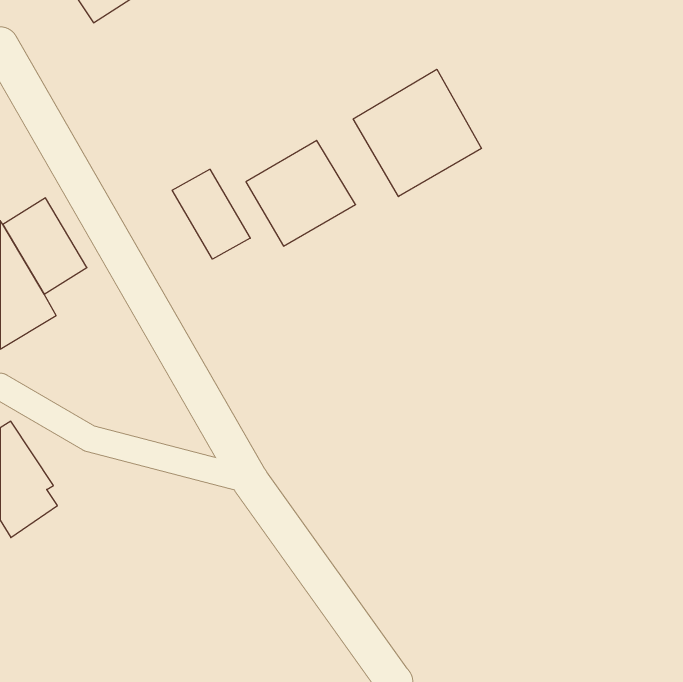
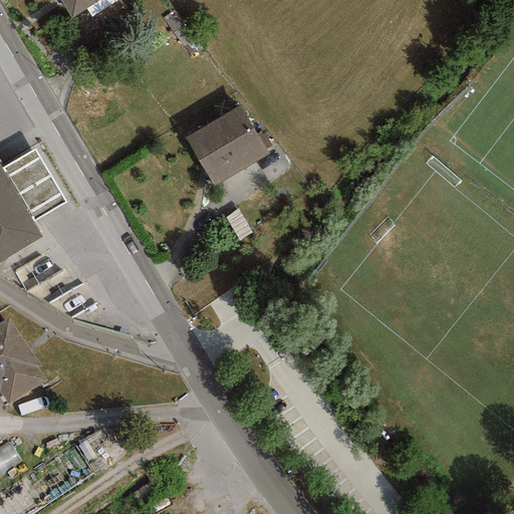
building: [353,69,481,197] -> none
building: [172,169,250,259] -> none

